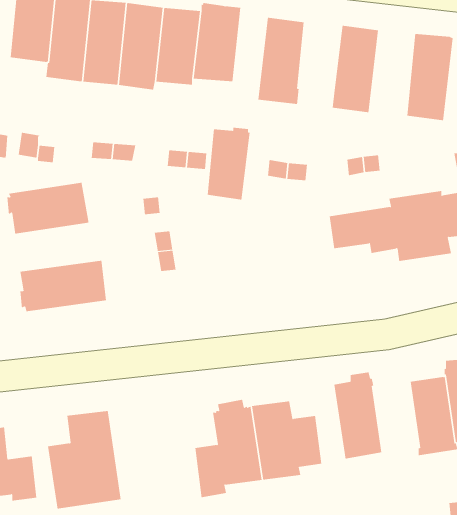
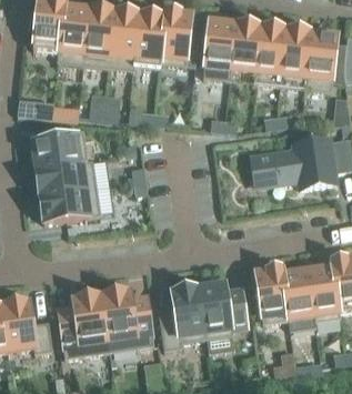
building: none -> [280,28,311,87]
building: [207,127,250,200] -> [231,21,261,71]
building: none -> [37,158,97,193]
building: none -> [282,269,314,317]
building: none -> [101,284,154,350]

